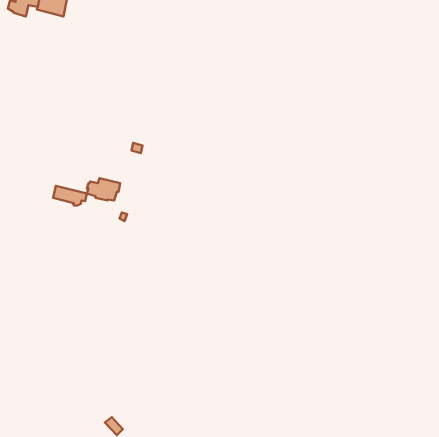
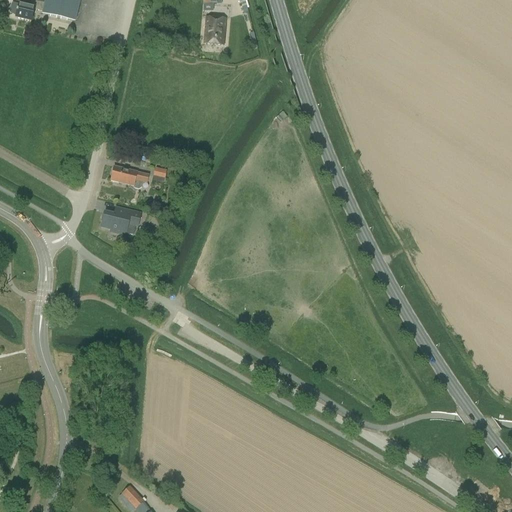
building: none -> [204,16,225,43]
building: [53,186,87,206] -> [110,164,149,187]

